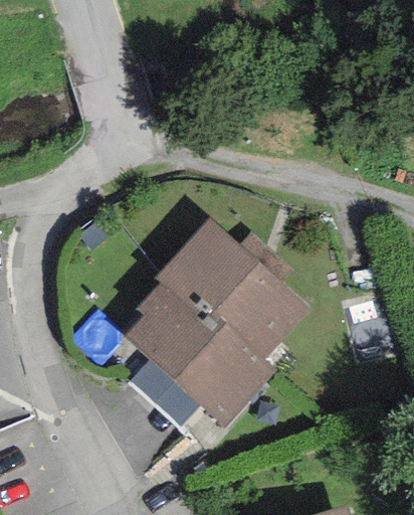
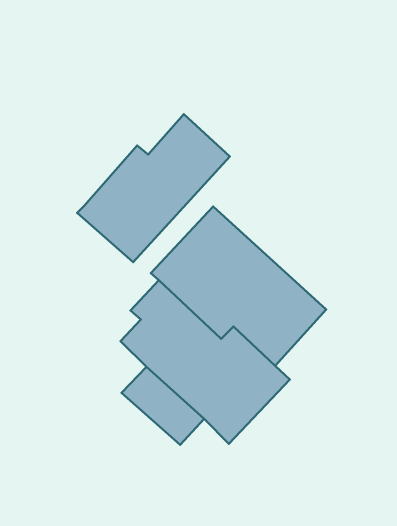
building: none -> [77,114,230,262]

